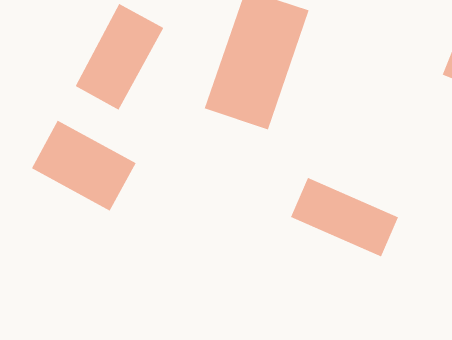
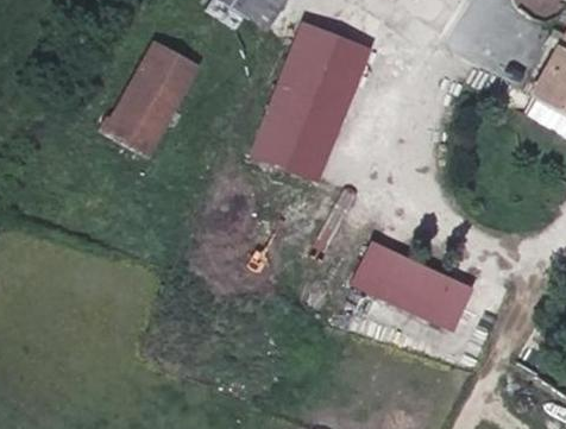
building: [31,120,136,211] -> none

